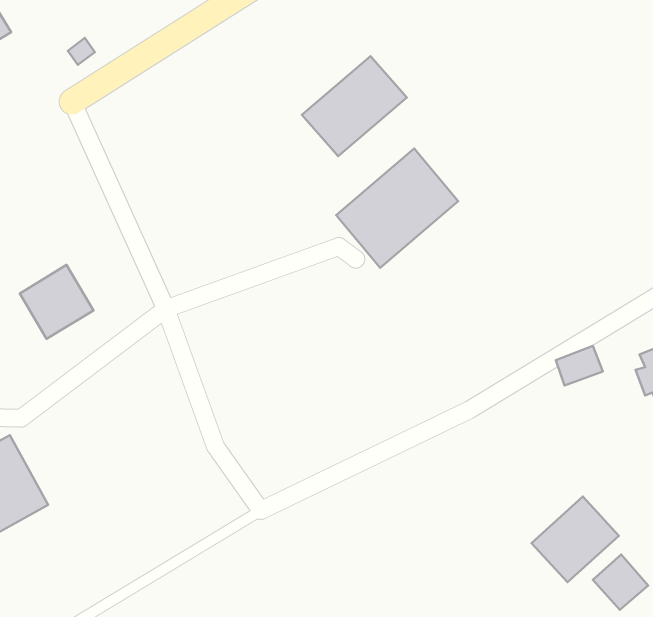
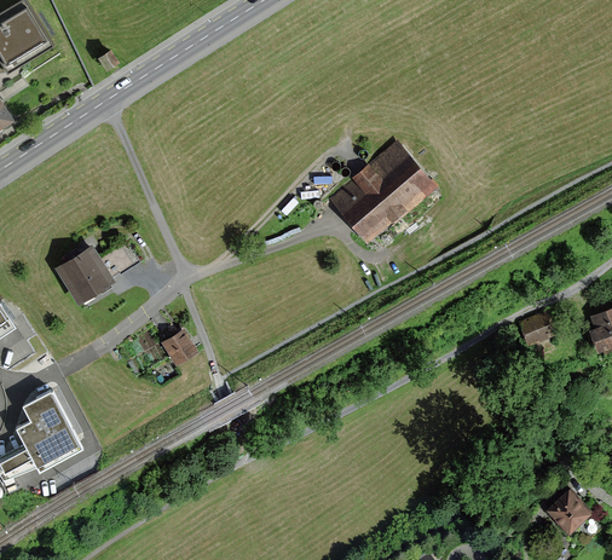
building: [302,56,407,156] -> none
building: none -> [163,331,195,363]
building: [531,497,619,582] -> none

